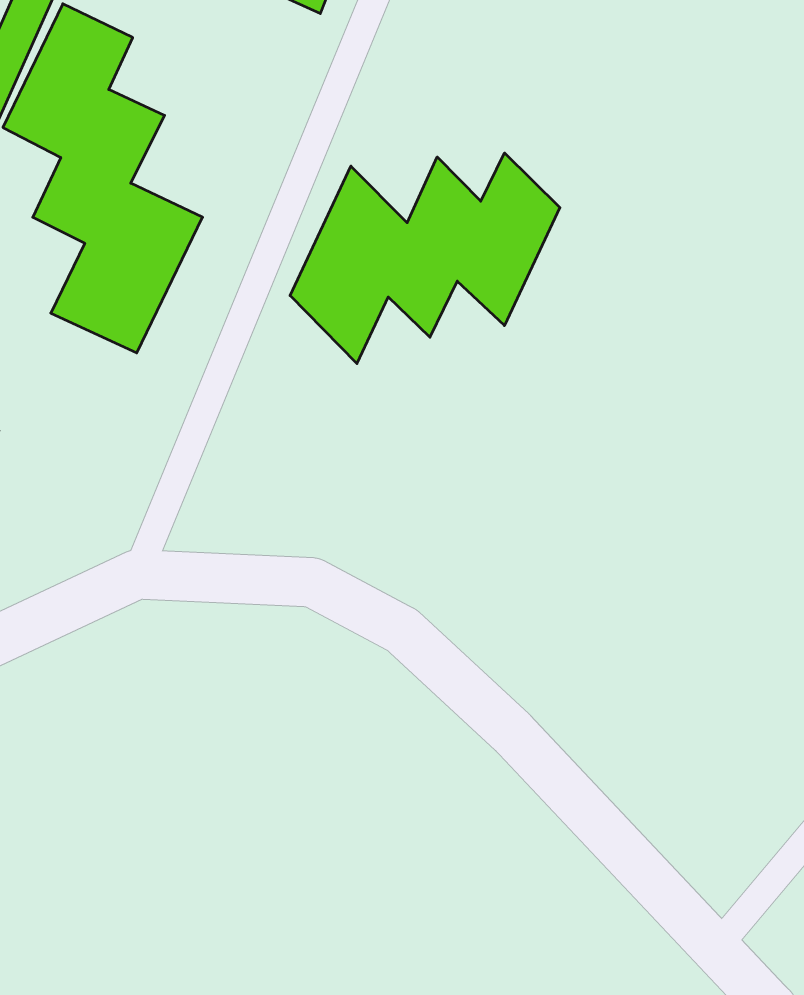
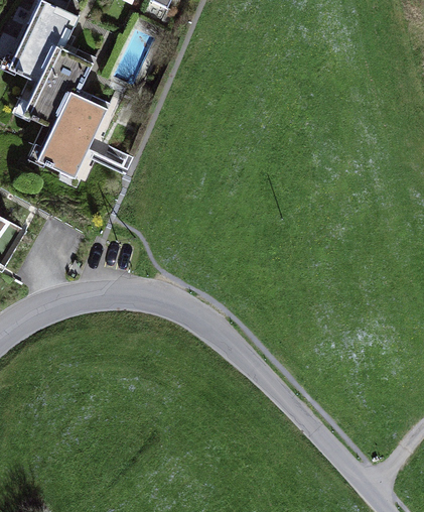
building: [290,153,560,364] -> none

